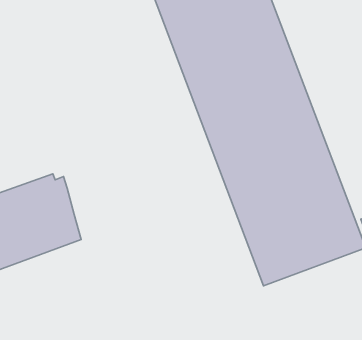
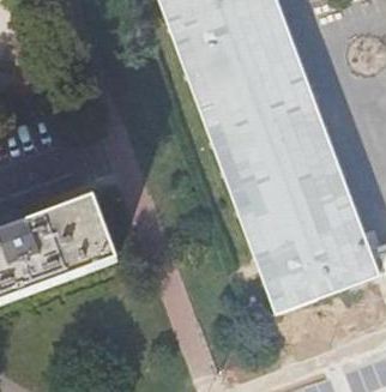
building: none -> [76,195,119,266]

